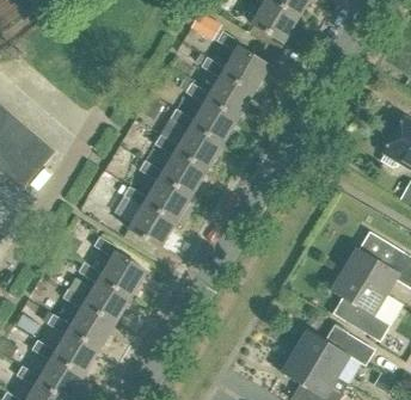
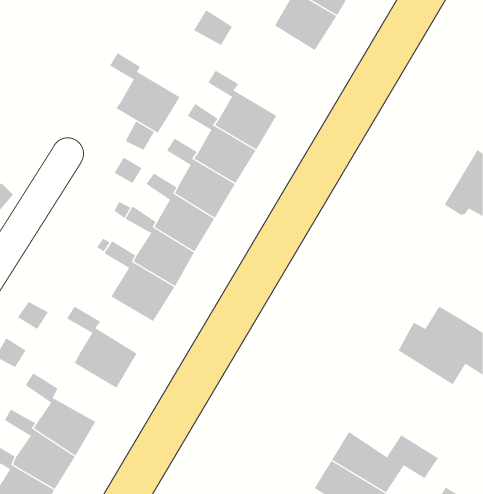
building: [215,30,269,91] -> [109,53,181,134]
building: [78,259,131,321] -> none
building: [329,267,388,341] -> none

